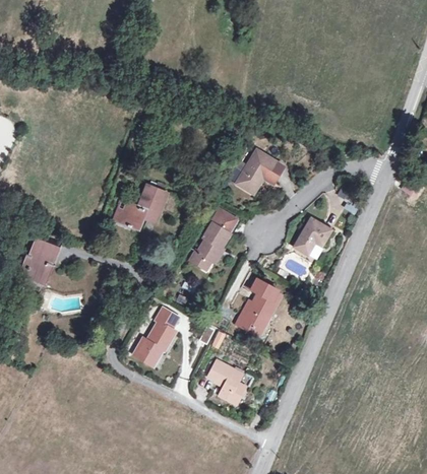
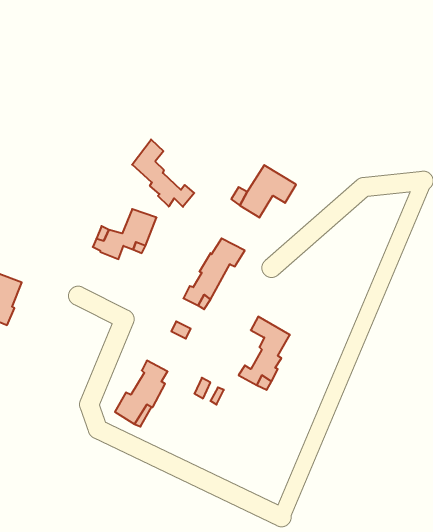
building: none -> [132,139,194,207]
building: [295,218,331,255] -> none
building: [208,360,246,404] -> none

